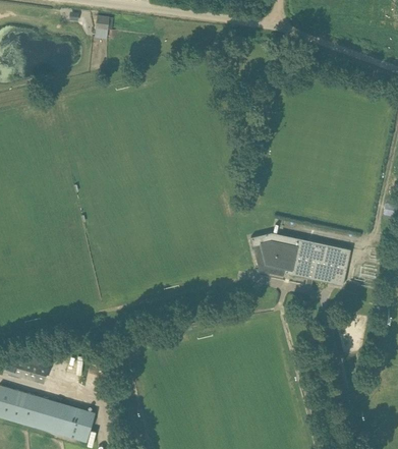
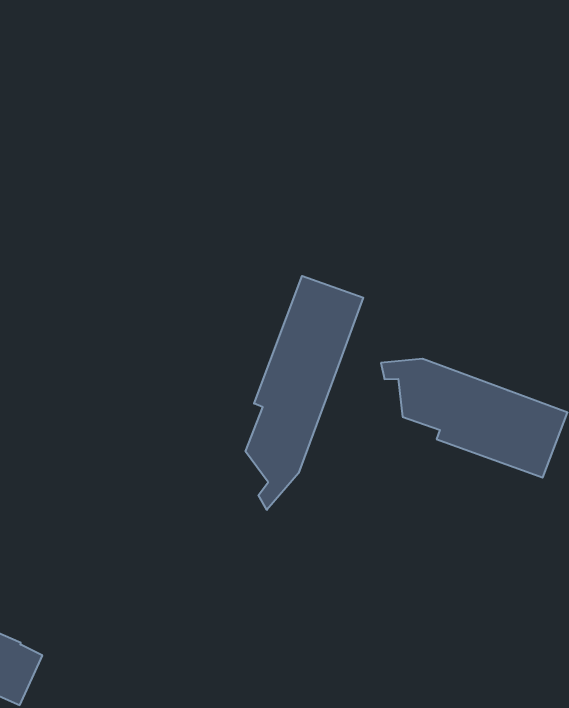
building: none -> [246,276,363,510]

